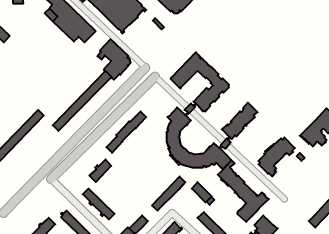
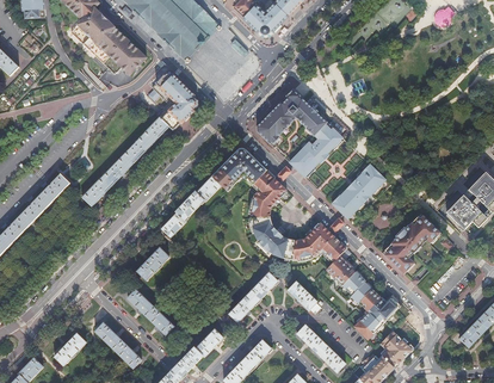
building: none -> [212,147,266,189]

